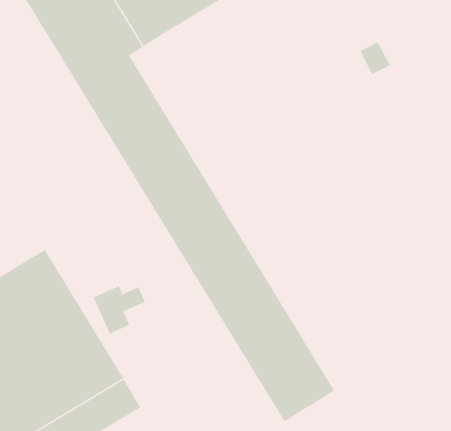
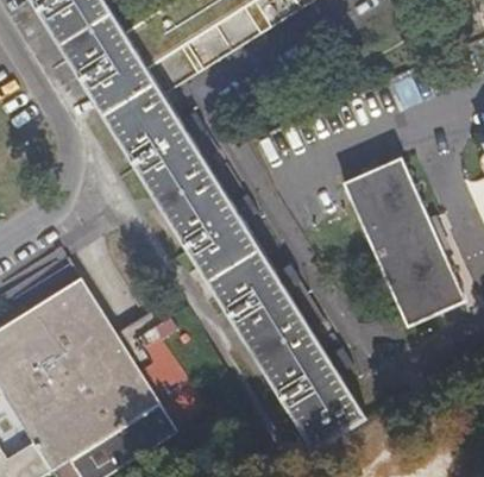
building: none -> [341,155,463,322]

